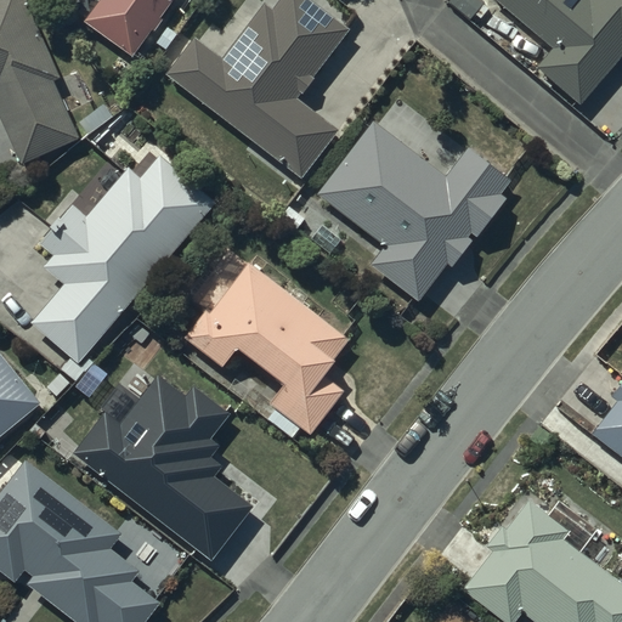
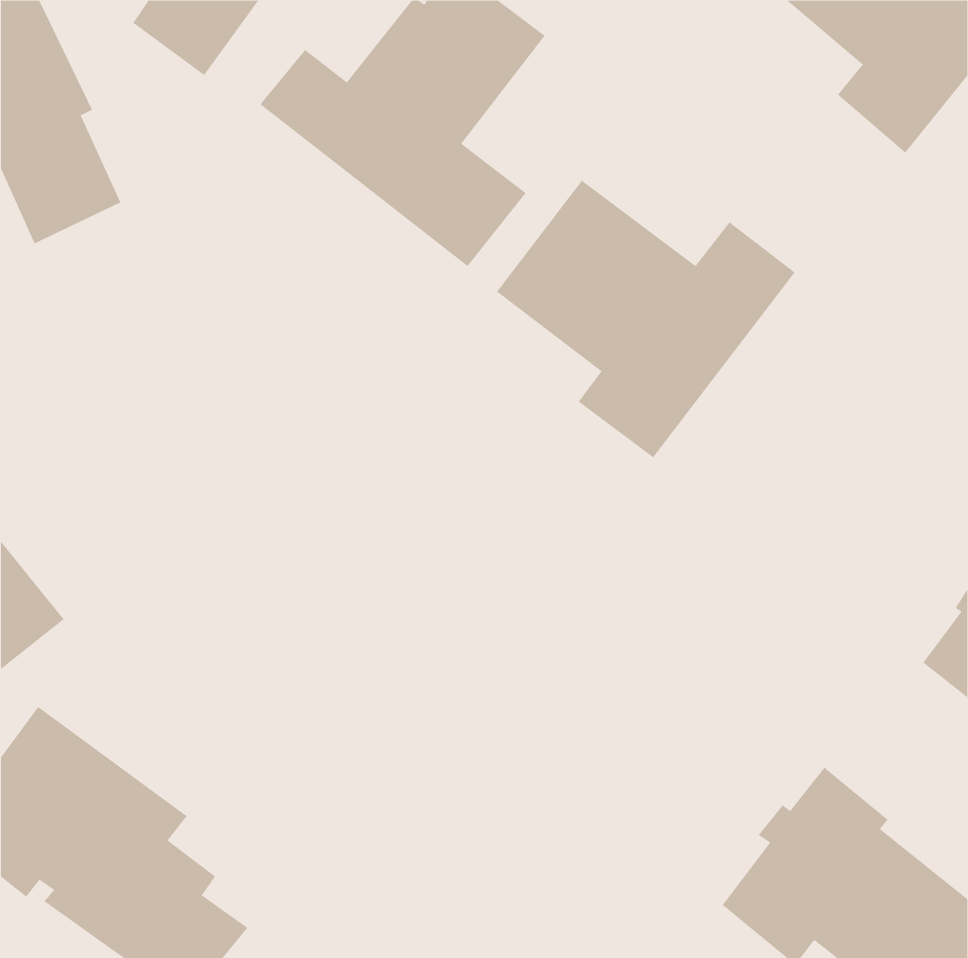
building: [30,153,216,362] -> none
building: [185,254,344,434] -> none
building: [75,375,254,560] -> none

